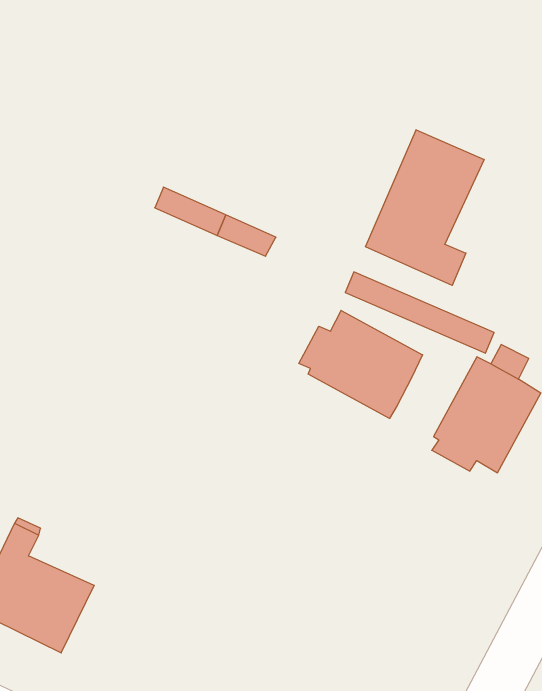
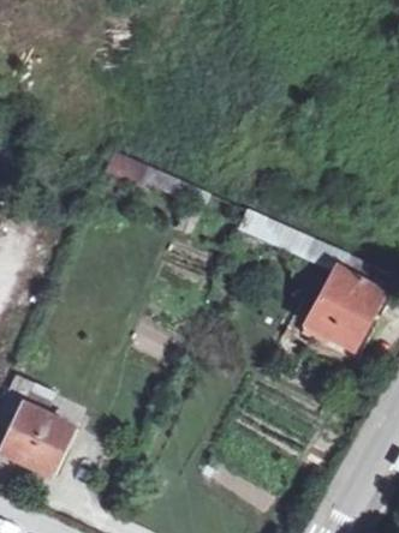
building: [366,130,484,285] -> none
building: [299,310,423,418] -> none

